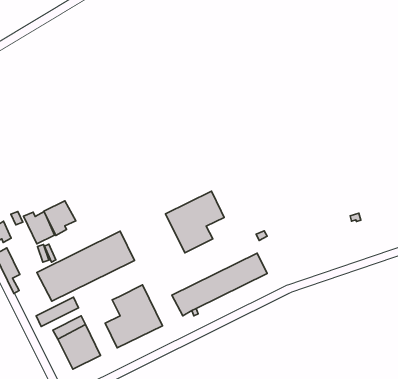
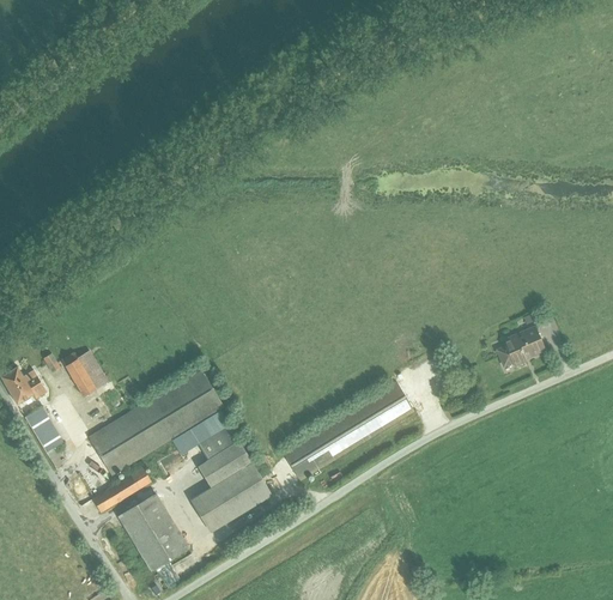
building: [166,191,224,253] -> none
building: [44,201,76,235] -> none
building: none -> [497,325,545,365]
building: none -> [172,410,238,460]

